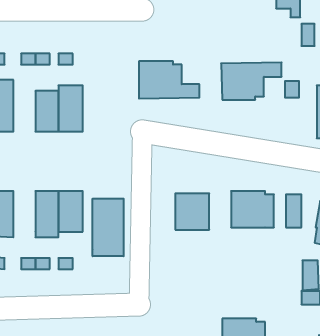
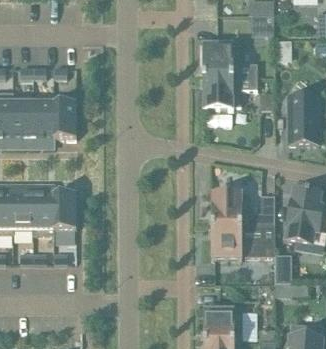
building: [139,61,199,99] -> [202,42,257,76]
building: none -> [13,96,33,138]
building: none -> [13,192,33,229]
building: [175,193,209,230] -> [211,225,242,258]
building: [93,199,124,256] -> none

